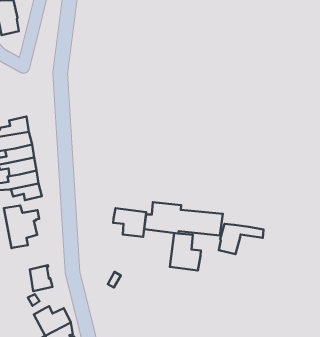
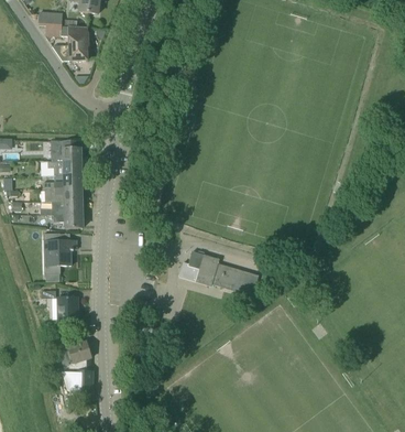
building: [113,208,146,237] -> none
building: [219,224,263,254] -> none
building: [170,233,201,271] -> none

